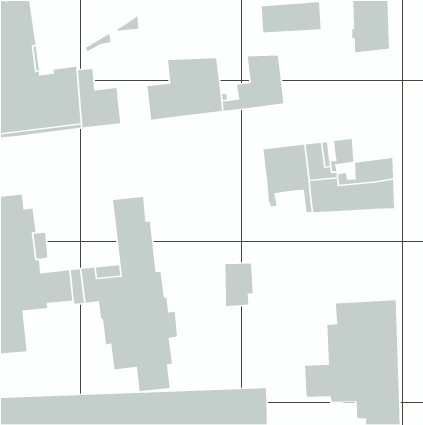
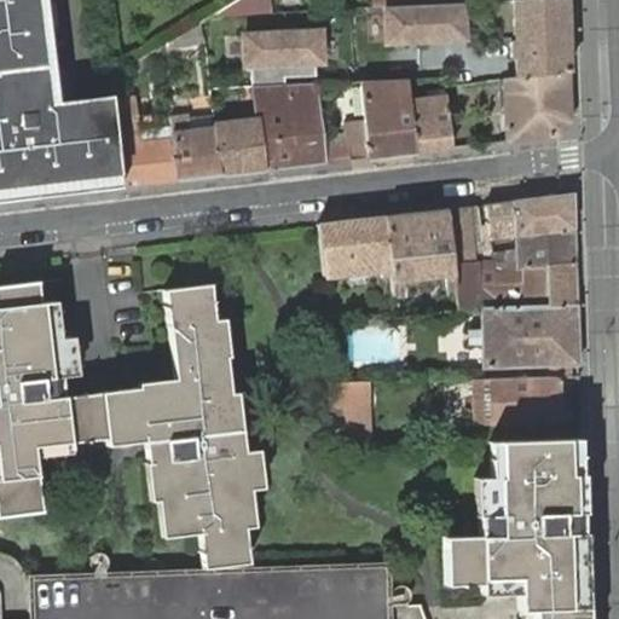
building: none -> [239,27,326,71]
building: none -> [507,71,572,141]
building: none -> [410,96,453,151]
building: none -> [172,115,221,180]
building: none -> [515,195,574,236]
building: none -> [318,216,391,276]
building: none -> [481,303,579,366]
building: none -> [491,375,562,424]

